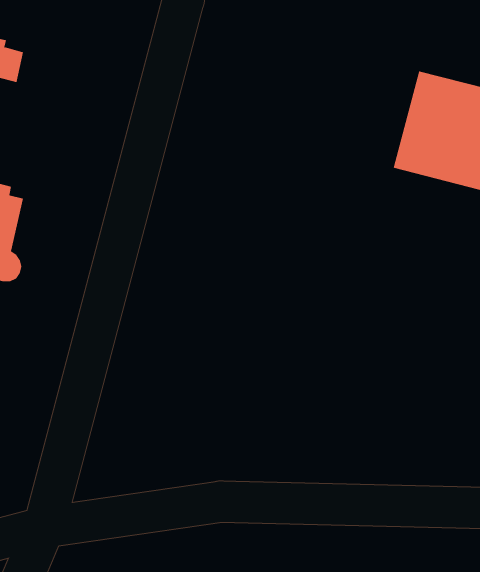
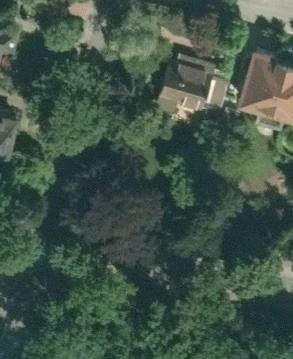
building: none -> [158,62,215,110]

